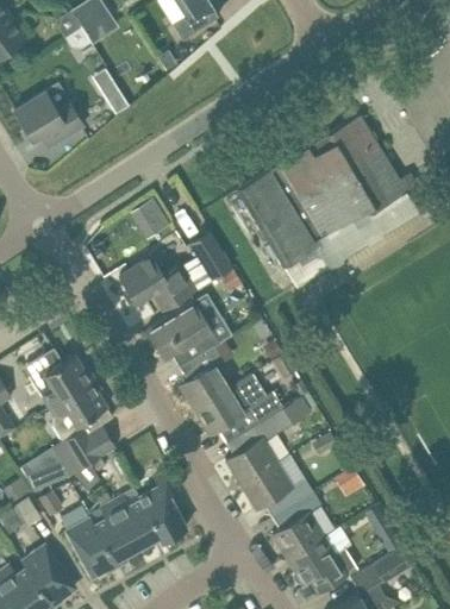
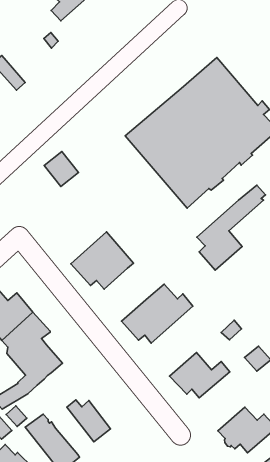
building: [189,232,231,278] -> none
building: [119,257,196,312] -> none
building: [179,349,231,410] -> none
building: [225,393,315,485] -> [197,185,266,270]
building: [132,472,187,542] -> none
building: [271,492,337,560] -> none
building: [94,502,137,560] -> none

